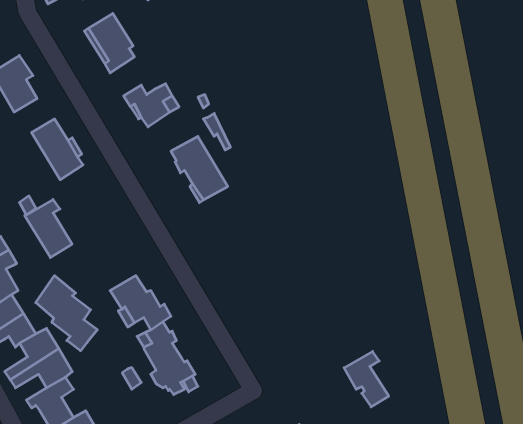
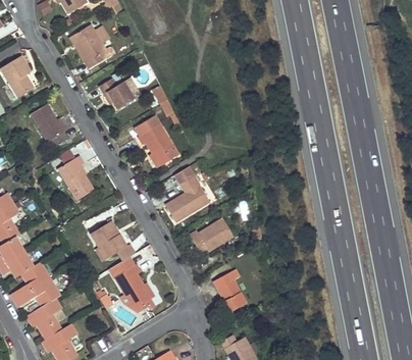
building: [25,199,72,258] -> [57,156,93,200]
building: none -> [165,167,208,221]
building: none -> [189,218,231,252]
building: [36,276,97,351] -> none
building: [344,351,389,407] -> [212,268,246,310]

